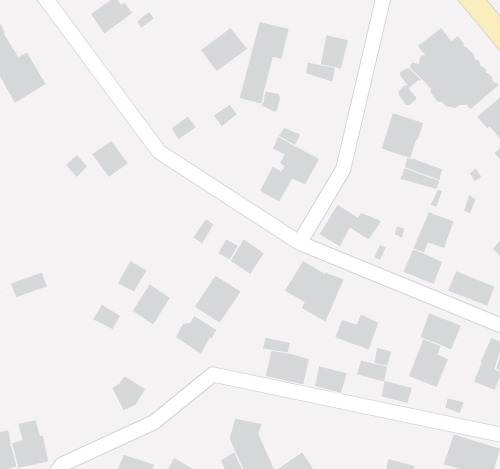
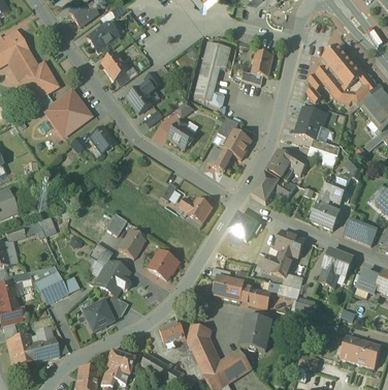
building: [200,27,248,72] -> [128,80,162,112]
building: none -> [101,51,129,79]
building: none -> [45,89,91,134]
building: none -> [167,117,194,147]
building: none -> [266,147,310,179]
building: [194,275,242,324] -> none
building: none -> [274,229,305,257]
building: none -> [94,259,129,295]
building: none -> [34,270,68,304]
building: none -> [83,300,112,331]
building: none -> [240,314,271,349]
building: none -> [159,319,186,343]

